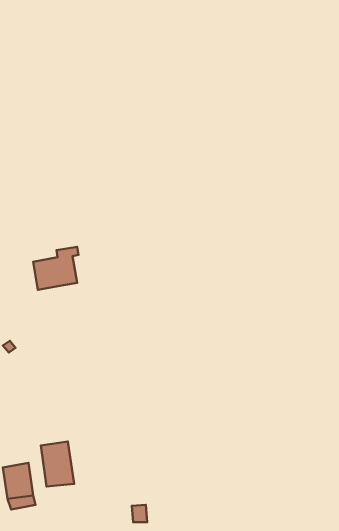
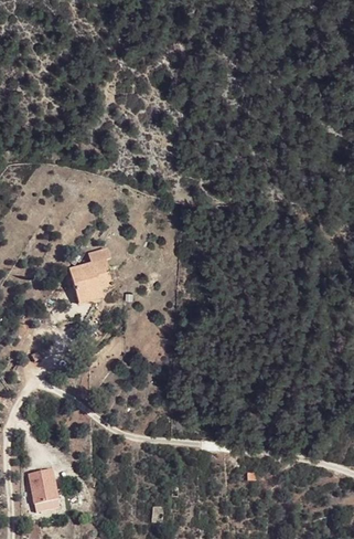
building: [41,442,74,486] -> none

